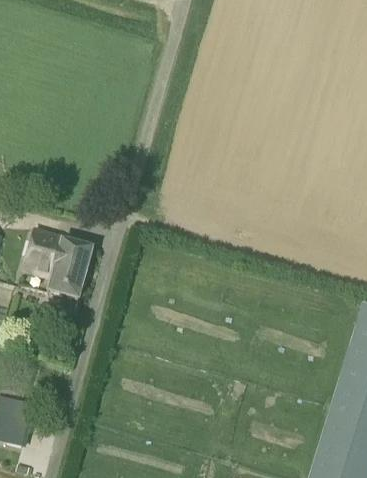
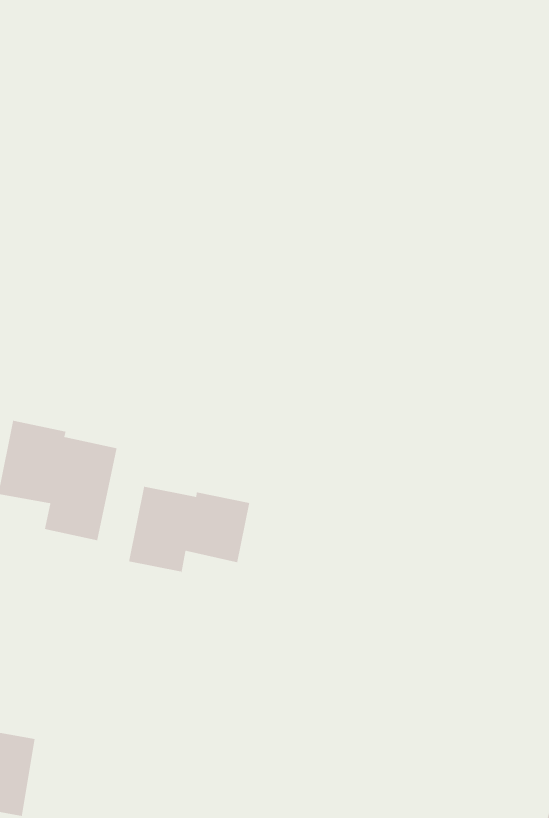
building: none -> [128,486,250,574]

